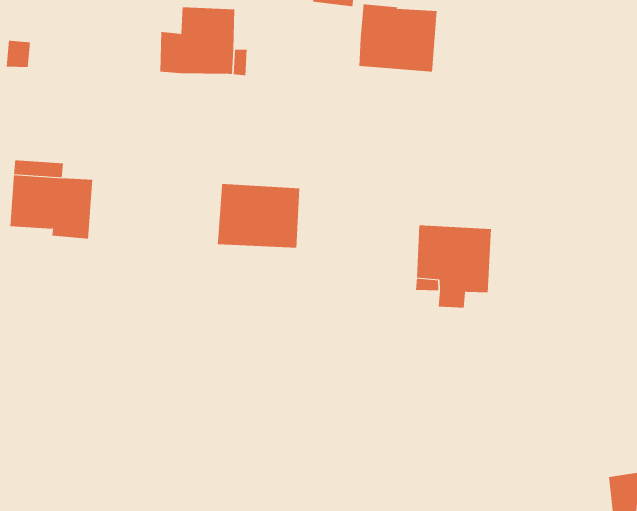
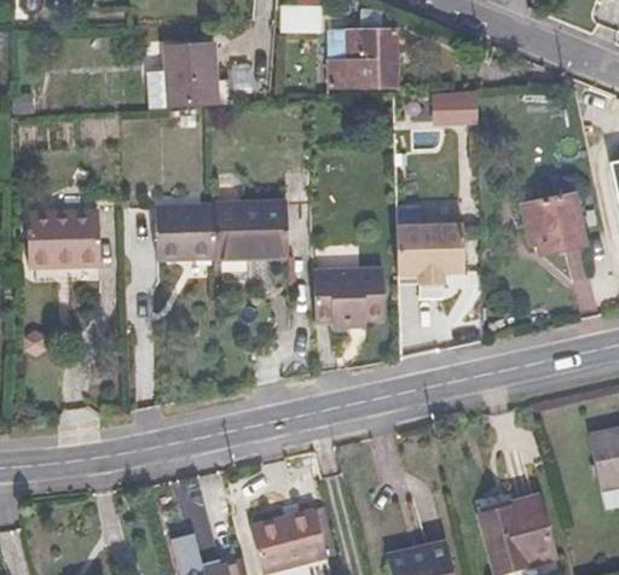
building: none -> [433,89,479,124]
building: none -> [155,205,216,259]
building: none -> [522,193,585,252]
building: none -> [313,267,384,325]

